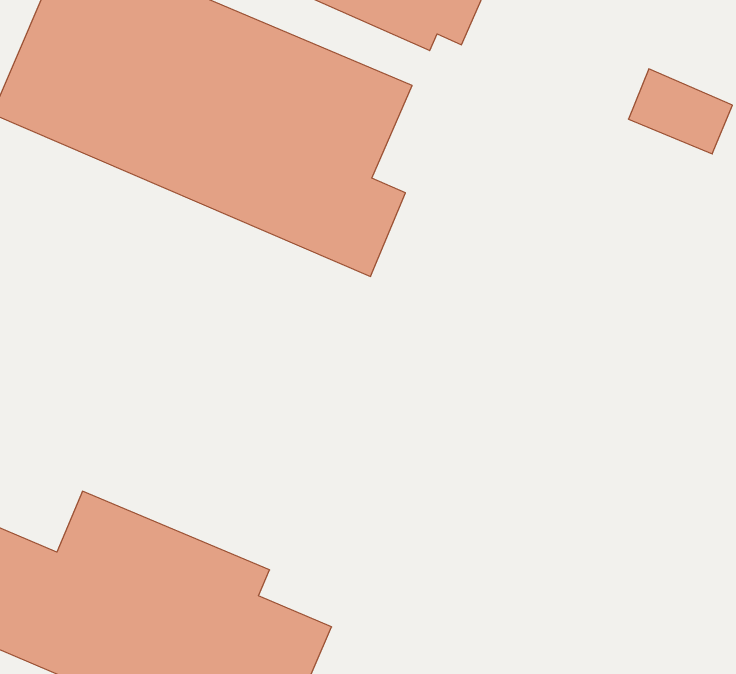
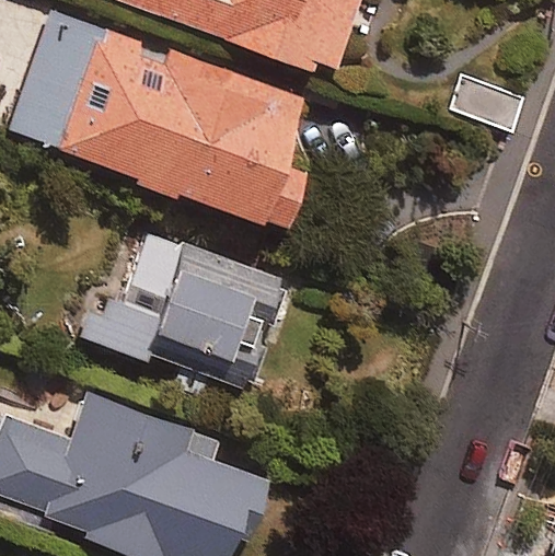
building: none -> [83,229,288,391]

